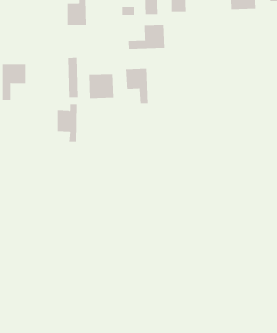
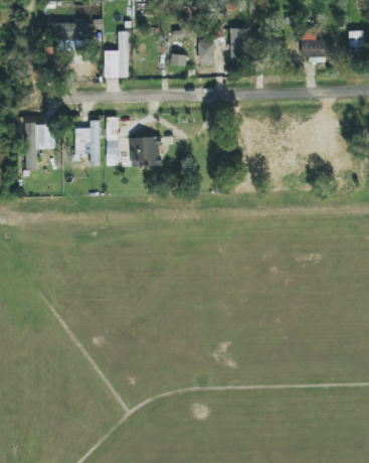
building: [128,24,165,50] -> none
building: [126,68,148,104] -> none
building: [57,104,78,142] -> [74,120,100,166]

